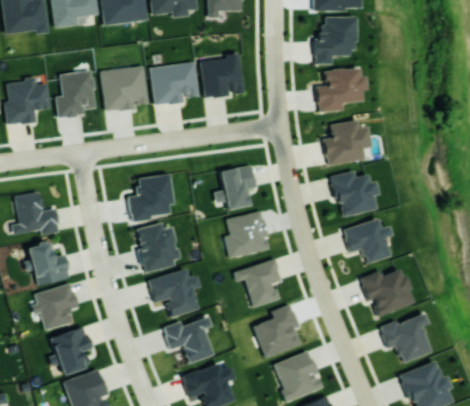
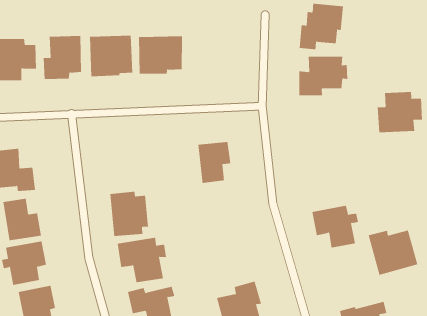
building: [200,53,244,98] -> none
building: [323,120,371,165] -> [377,91,423,133]
building: [328,171,378,217] -> none
building: [127,174,172,222] -> none
building: [224,212,269,258] -> none
building: [233,259,281,308] -> none
building: [359,269,413,318] -> [368,230,418,276]

